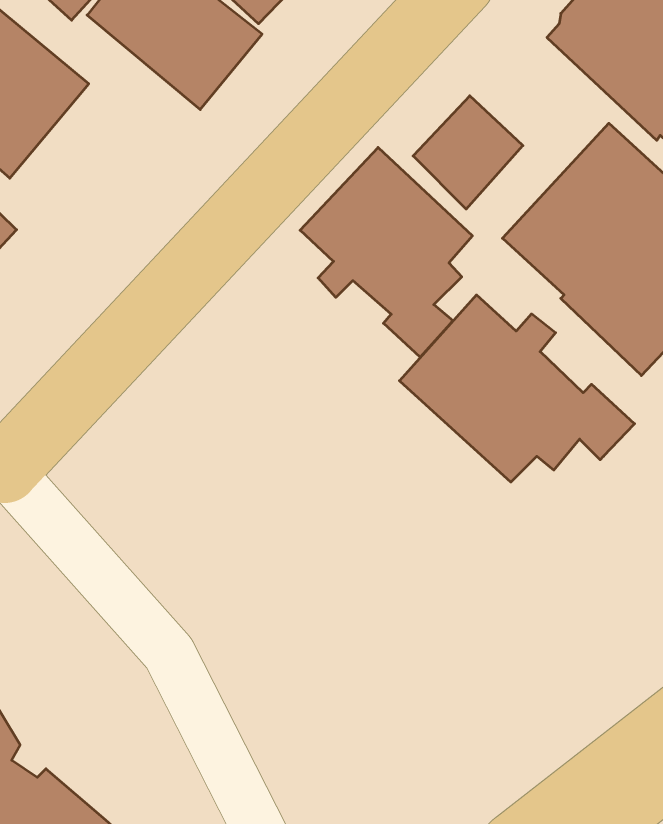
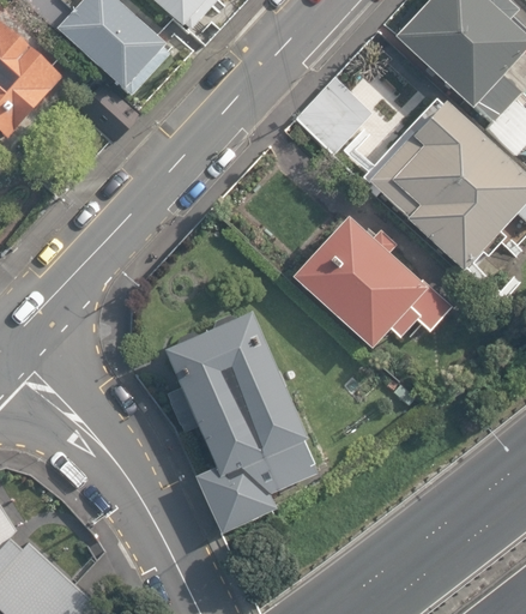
building: [300,147,472,357] -> none
building: none -> [161,312,314,535]

